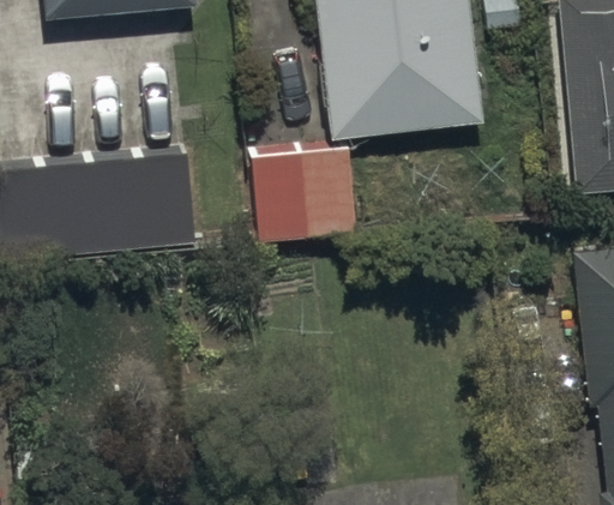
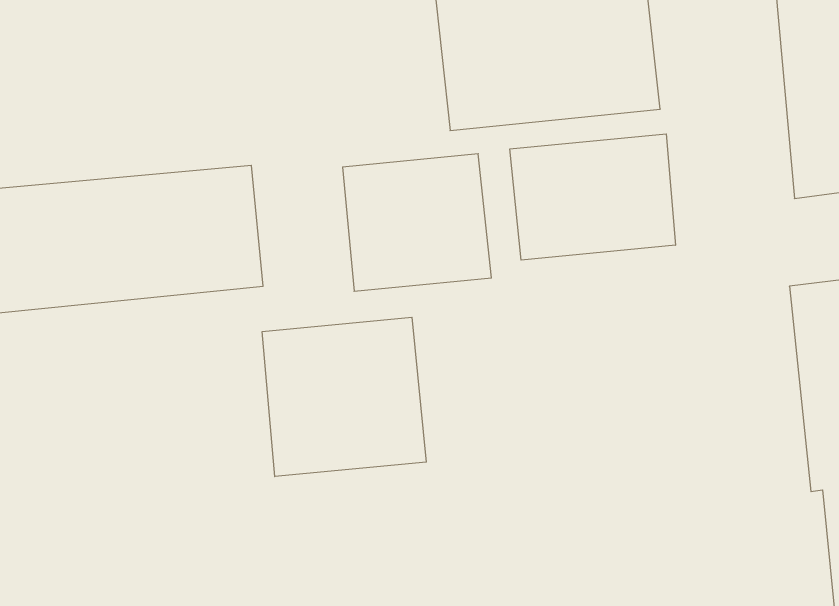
building: none -> [510,134,675,260]
building: none -> [262,317,426,477]

